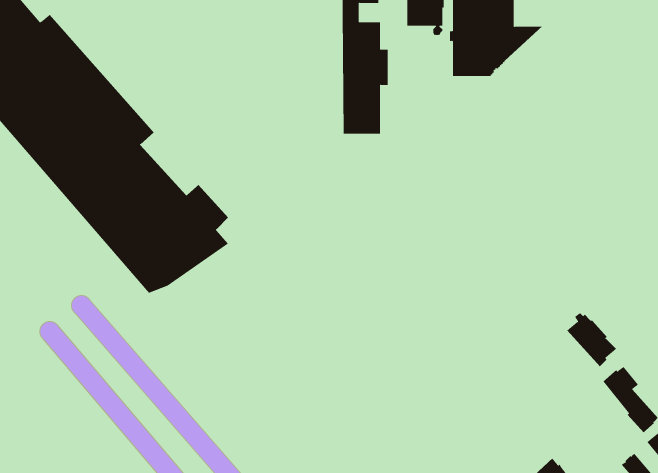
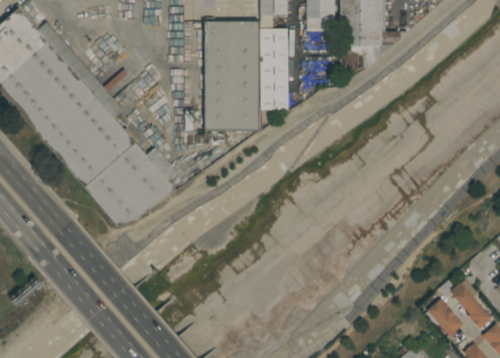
building: none -> [205,18,259,131]
building: [567,312,617,367] -> [427,297,463,337]

